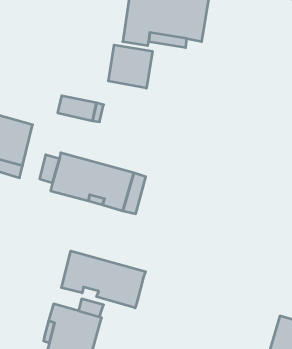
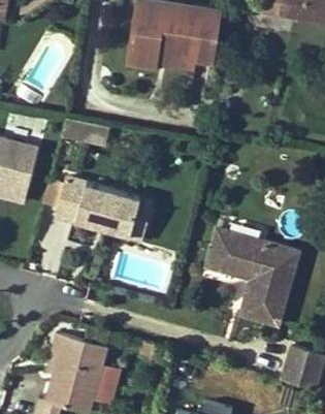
building: [108,45,152,88] -> none
building: none -> [207,229,299,326]
building: [61,251,146,308] -> none

